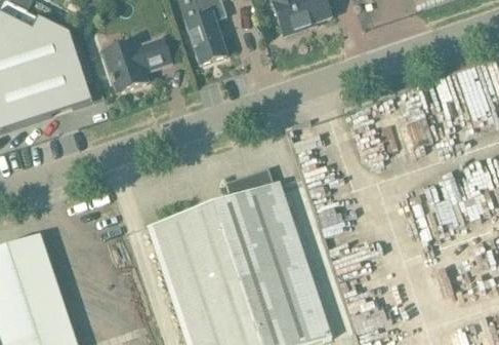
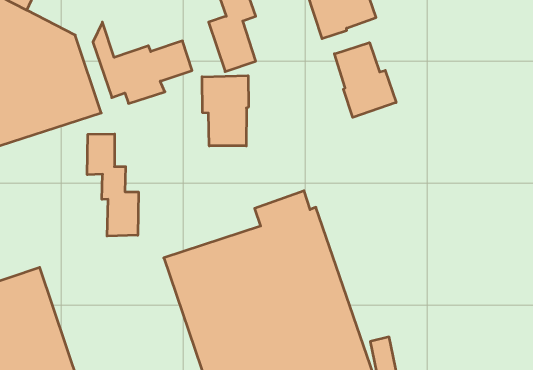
building: none -> [334,43,396,117]
building: none -> [202,76,248,146]
building: none -> [87,134,138,236]

